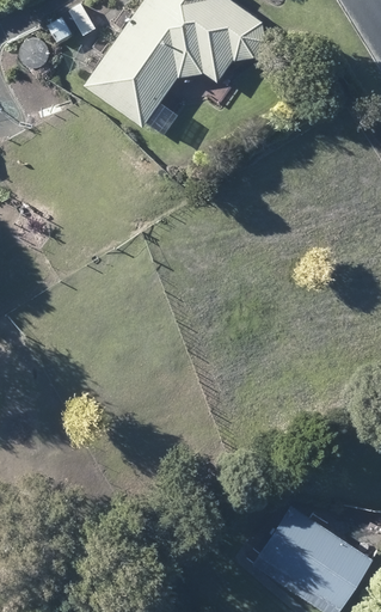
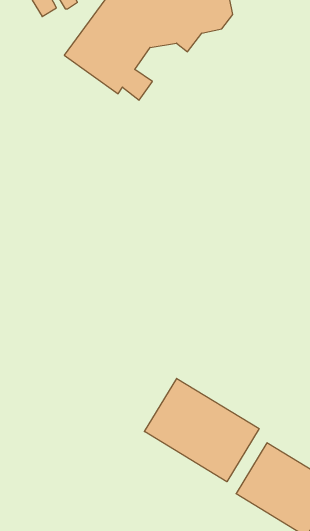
building: none -> [144,378,259,482]

